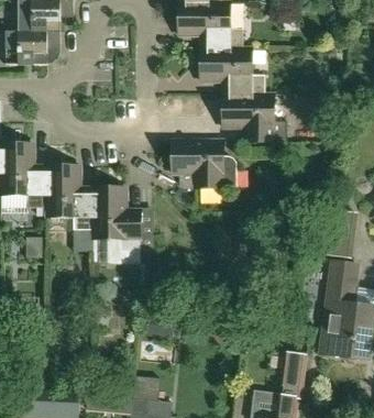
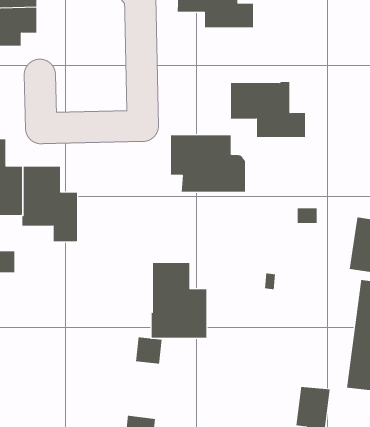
building: [201,48,265,96] -> none
building: [94,188,141,252] -> [151,263,207,338]

